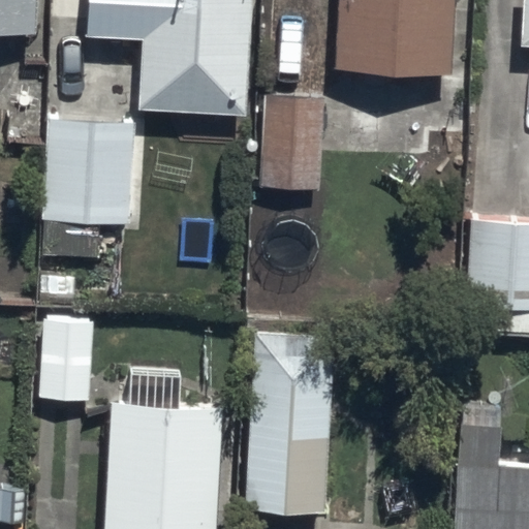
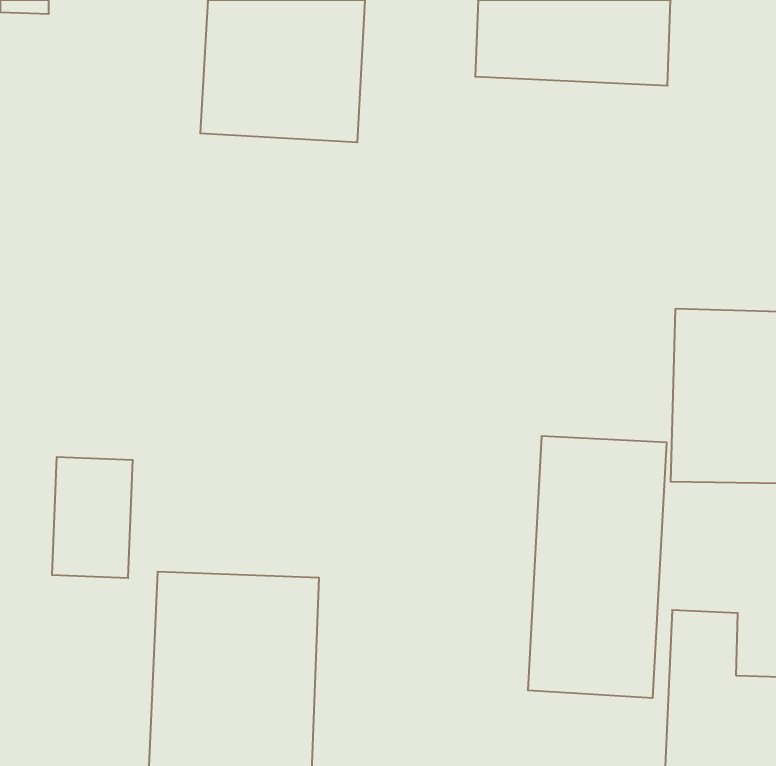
building: [260,63,329,185] -> none
building: [45,120,136,260] -> none
building: [244,340,338,517] -> [528,436,667,698]

